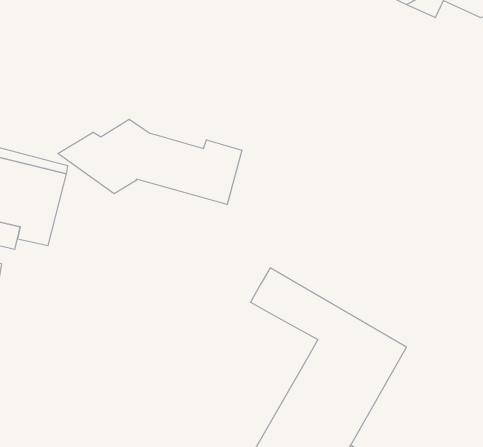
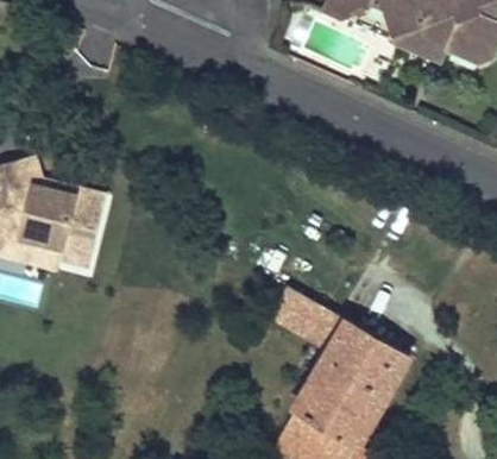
building: [58,119,242,205] -> none

